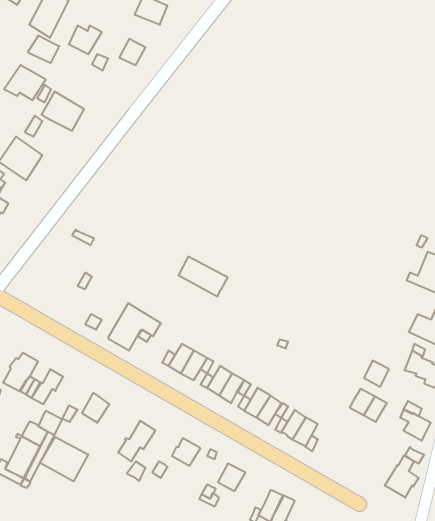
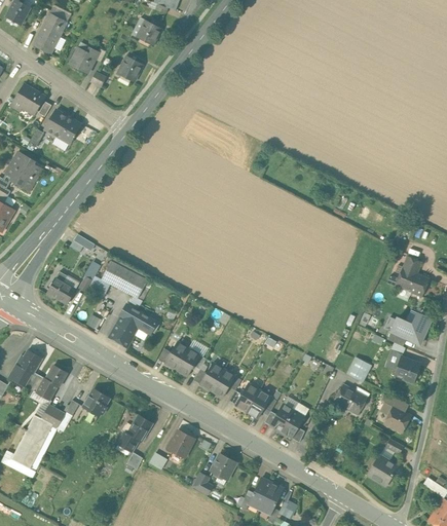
building: [28,35,59,63] -> none
building: [178,257,228,296] -> [101,261,147,298]
building: none -> [46,270,75,303]
building: [40,437,88,481] -> none

